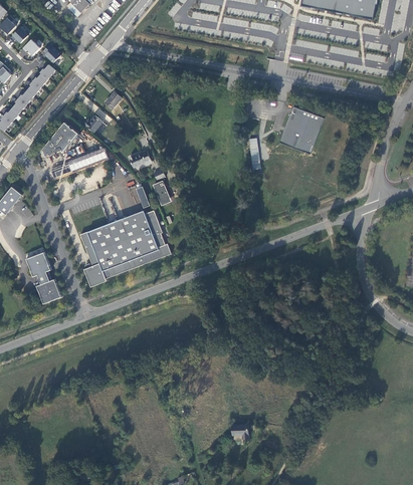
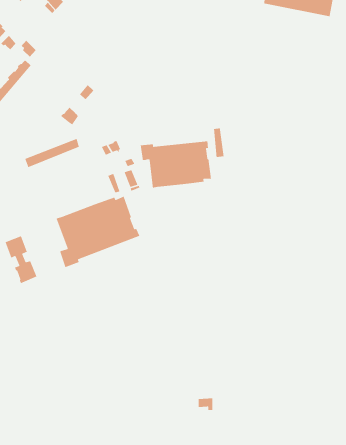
building: [279,104,324,153] -> none
building: [42,122,77,156] -> none
building: none -> [140,141,212,189]

